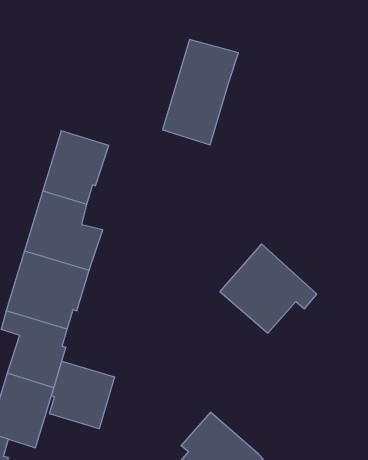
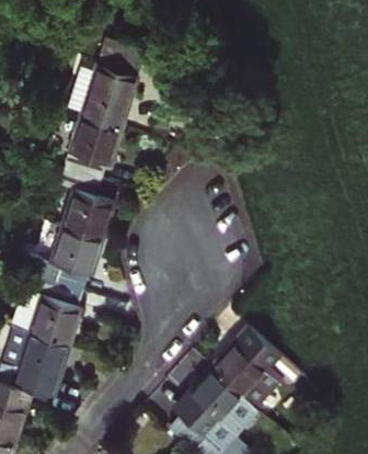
building: [163,39,238,145] -> [76,41,143,135]
building: [220,244,317,333] -> [209,331,296,411]
building: [50,361,115,429] -> none

